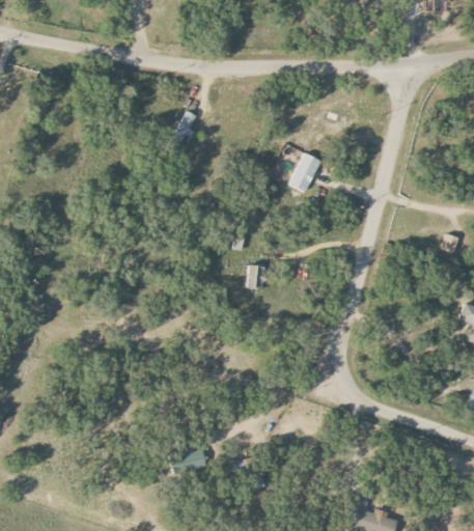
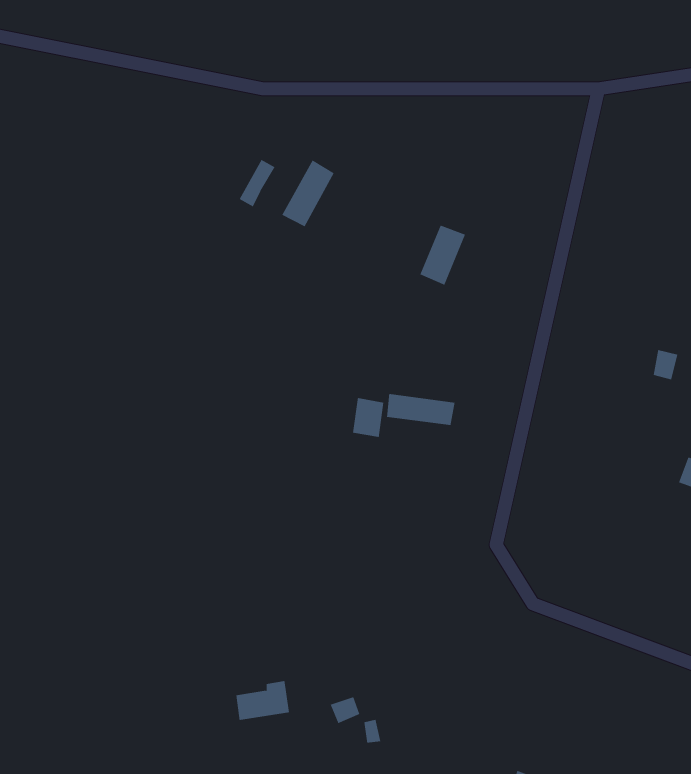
building: none -> [281,160,334,227]
building: none -> [386,393,455,426]

